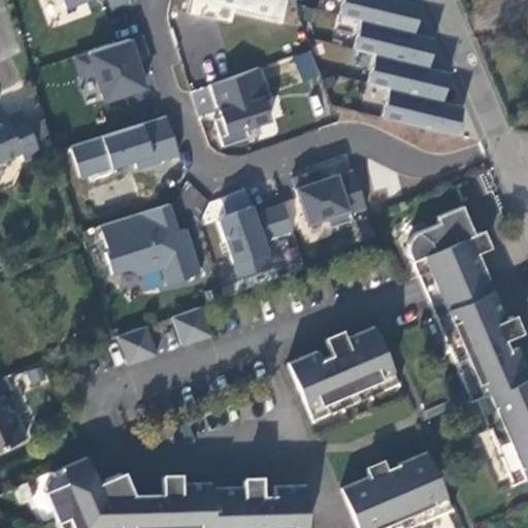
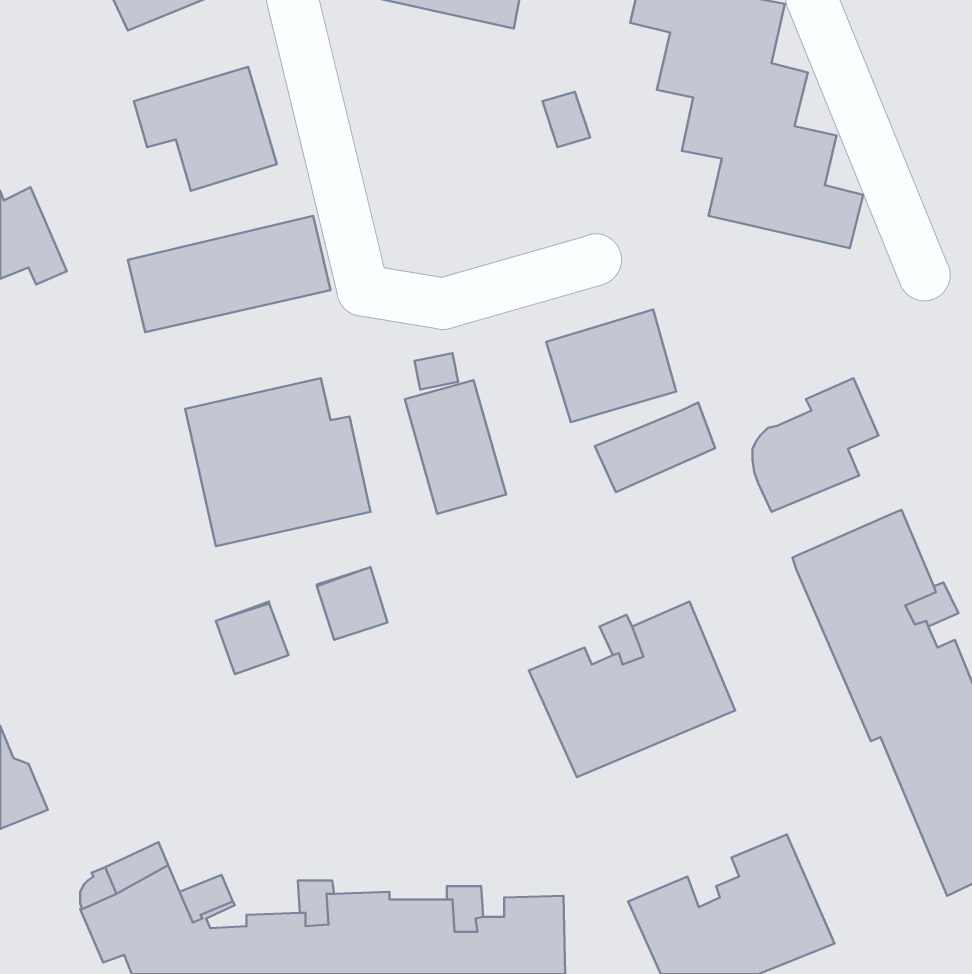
building: [192,67,280,145] -> none
building: [263,202,293,238] -> none
building: [419,253,484,301] -> [595,402,715,492]

